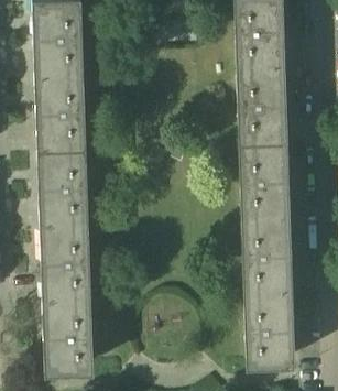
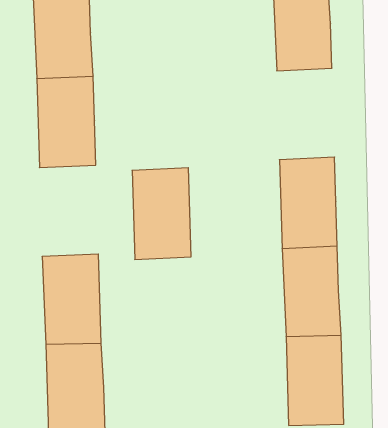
building: [237,59,285,137] -> none
building: [37,141,87,218] -> [132,168,191,259]

